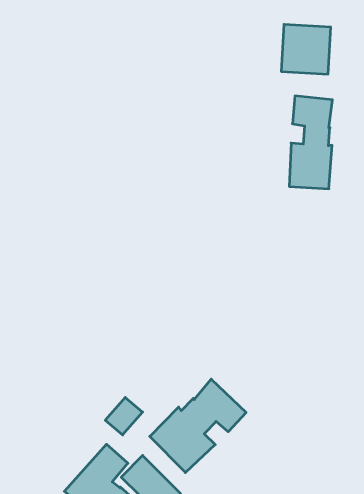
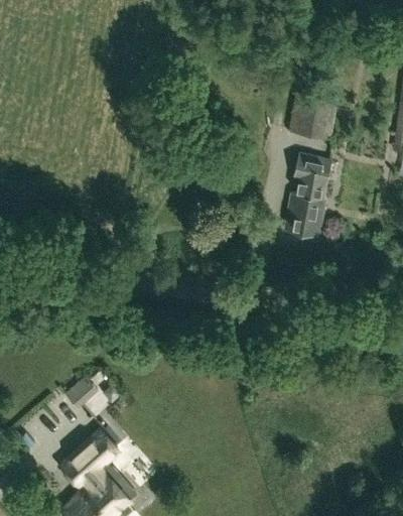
building: [150,379,246,473] -> none
building: [105,397,143,435] -> [63,378,96,409]

